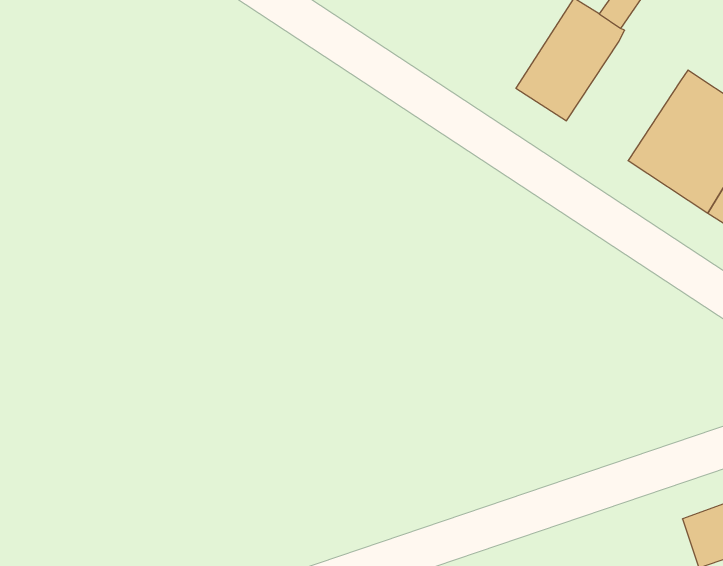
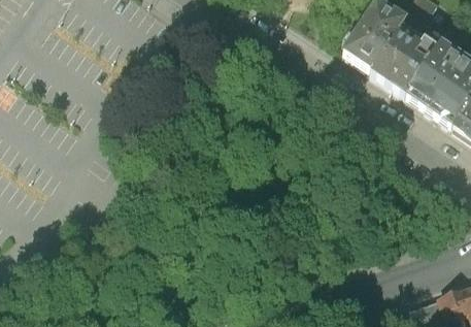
building: none -> [368,26,433,94]

